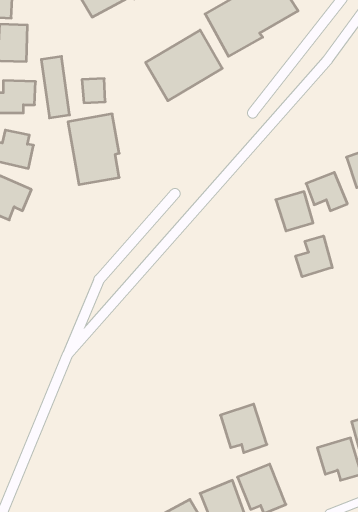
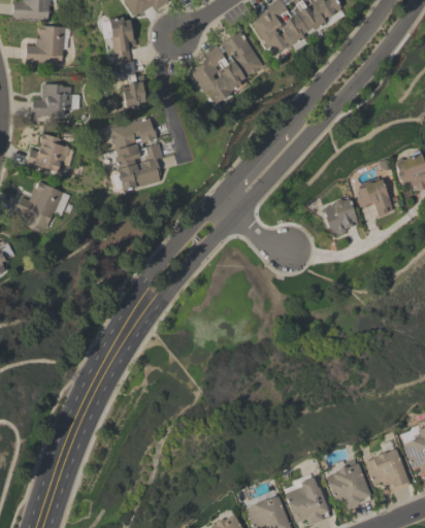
building: [41,56,70,118] -> [108,16,137,79]
building: [296,236,332,277] -> none
building: [220,404,267,453] -> [324,460,371,509]

